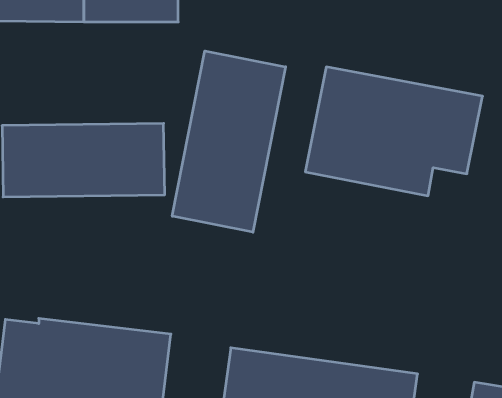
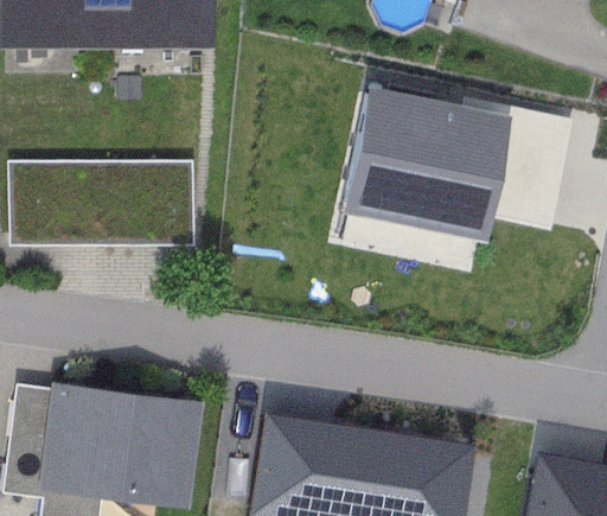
building: [172,51,286,232] -> none

